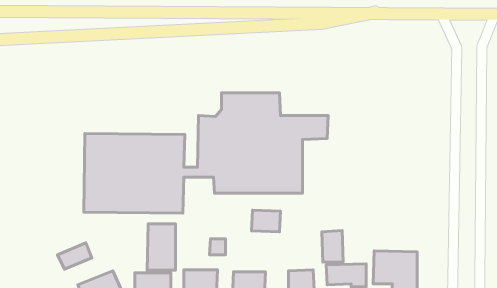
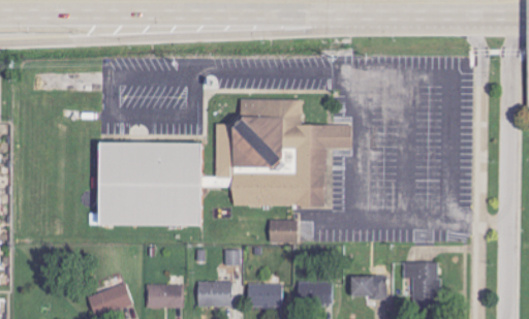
building: [147,224,175,270] -> none
building: [322,230,343,262] -> none
building: [58,243,92,269] -> none

